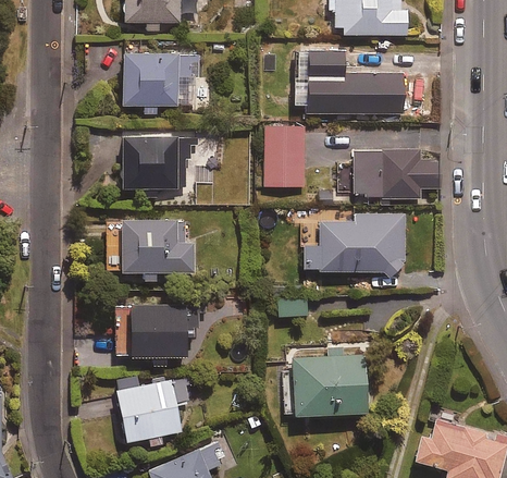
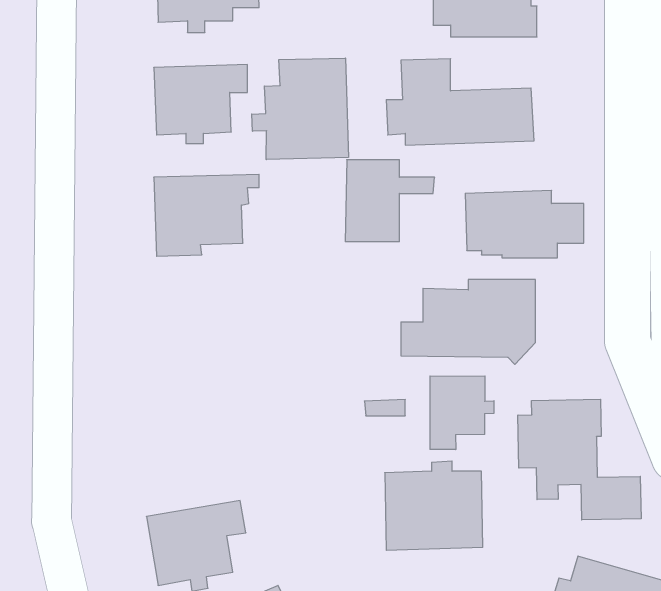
building: none -> [252,58,348,160]
building: [120,220,194,282] -> none
building: none -> [430,376,494,450]
building: [127,303,199,363] -> none
building: none -> [518,399,641,520]

